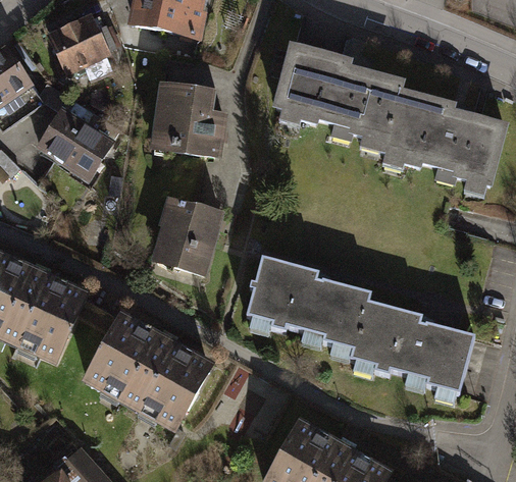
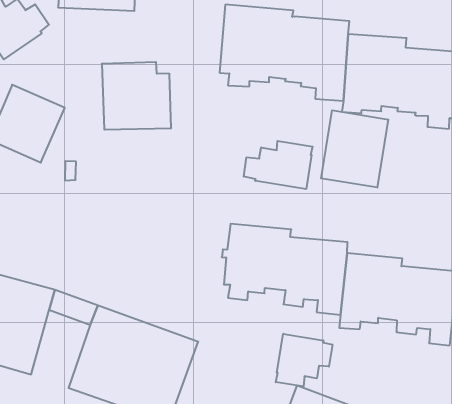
building: none -> [321,110,388,188]
building: none -> [244,141,313,189]
building: [152,198,221,275] -> none
building: none -> [276,334,332,387]

